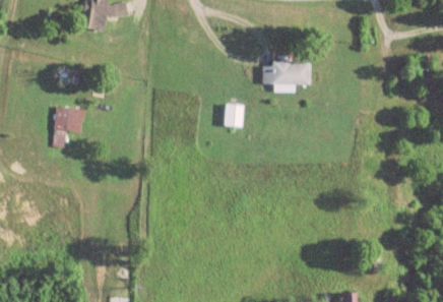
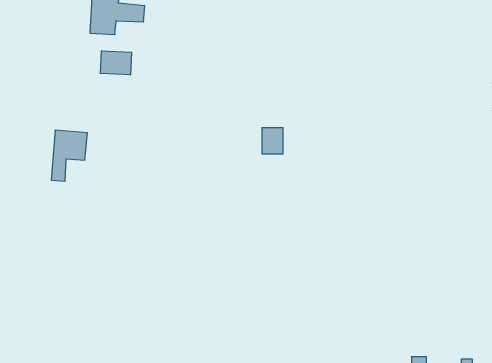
building: none -> [100,51,132,75]
building: [270,61,310,87] -> none

